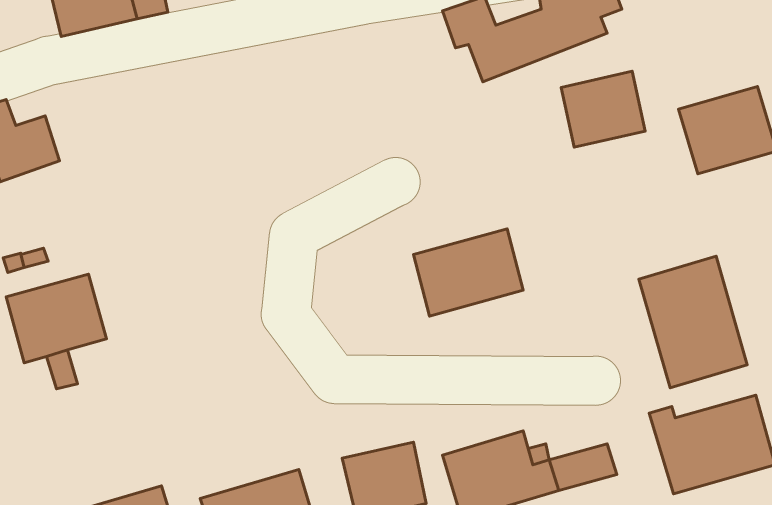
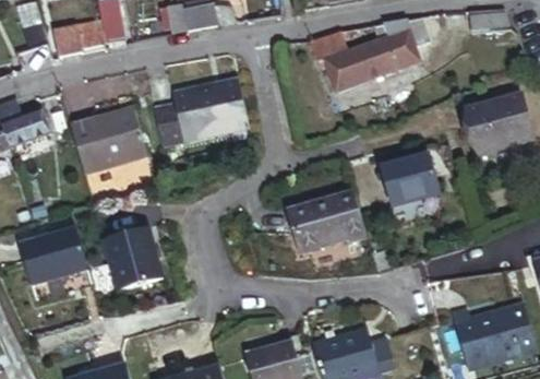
building: none -> [154,76,251,143]
building: [561,71,645,147] -> [381,156,437,208]
building: none -> [72,109,146,174]
building: [639,256,747,388] -> none
building: none -> [101,225,160,287]

